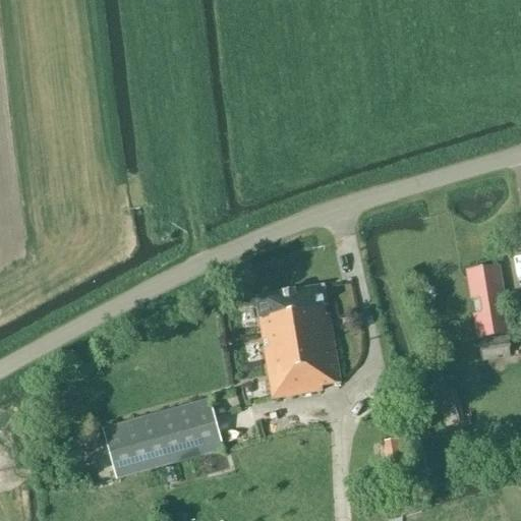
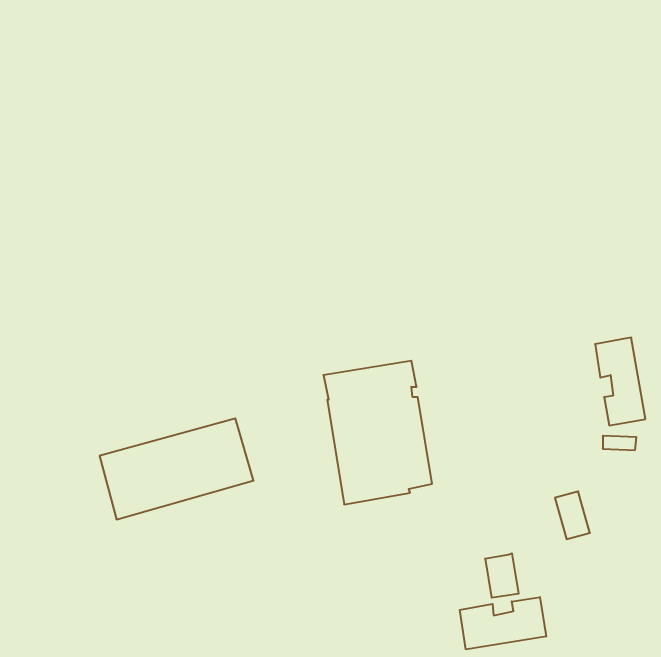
building: [103,398,224,477] -> [100,418,254,519]
building: none -> [460,597,546,649]

